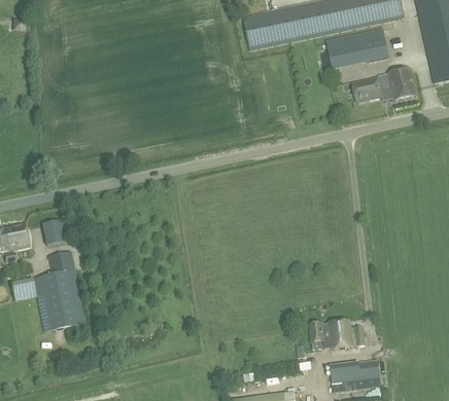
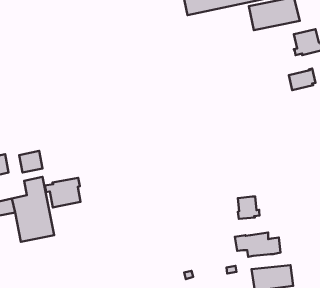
building: [353,74,386,101] -> [289,69,316,90]
building: none -> [45,178,80,207]
building: none -> [238,196,260,219]

